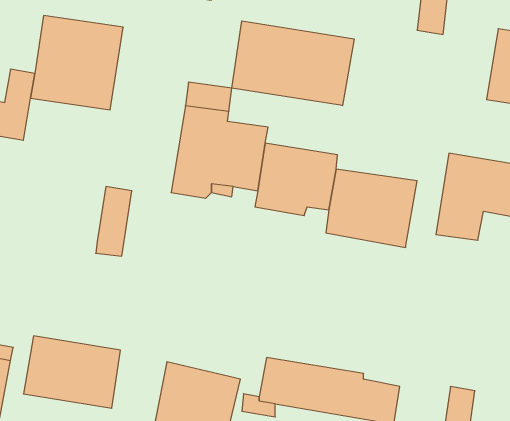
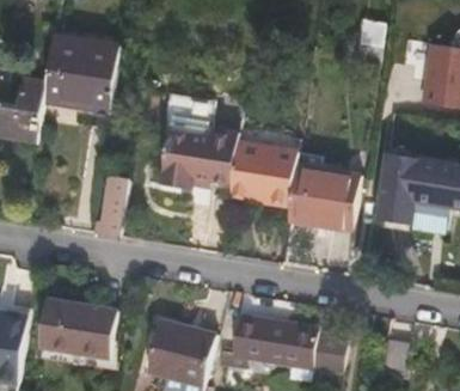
building: [232,21,354,106] -> none

